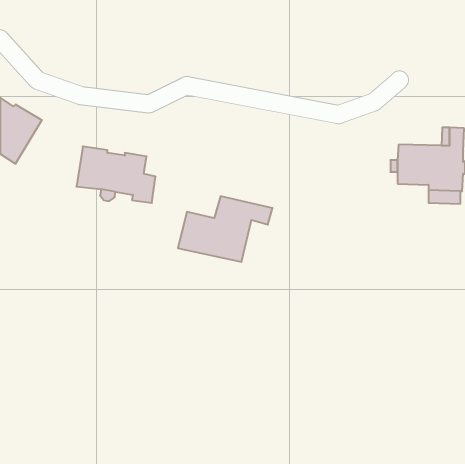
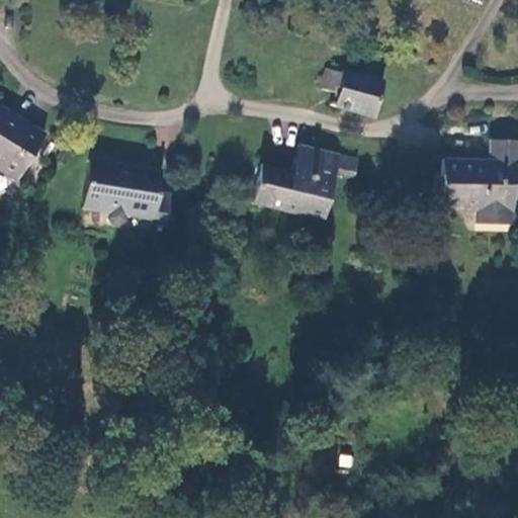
building: none -> [323,69,383,113]
building: [178,196,273,262] -> [255,148,360,221]

